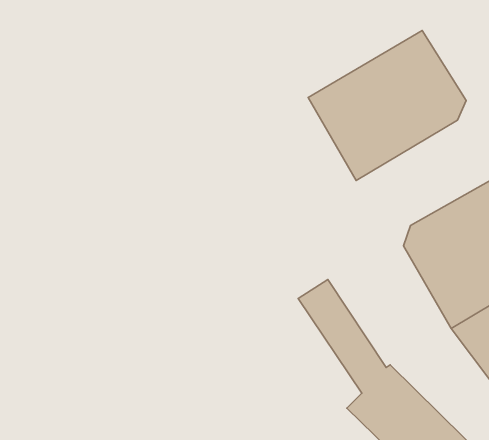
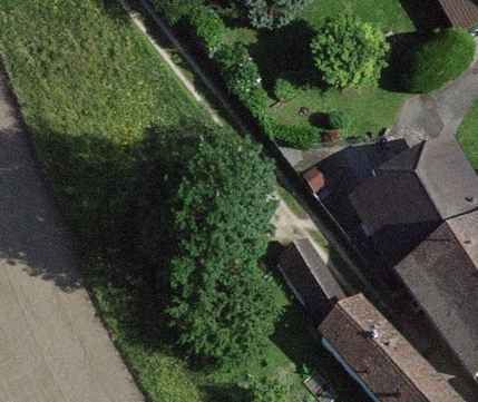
building: [308,31,466,181] -> none

